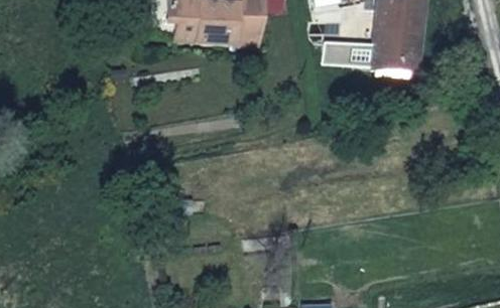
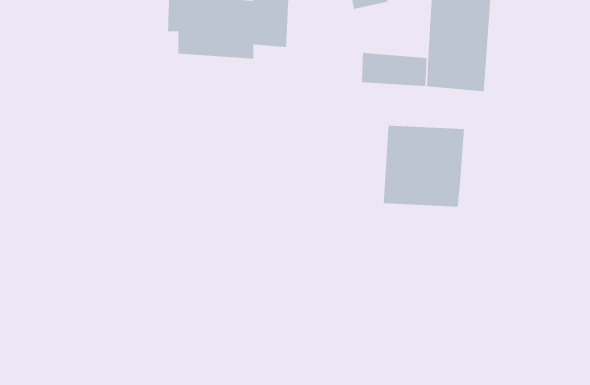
building: none -> [383,125,465,208]

